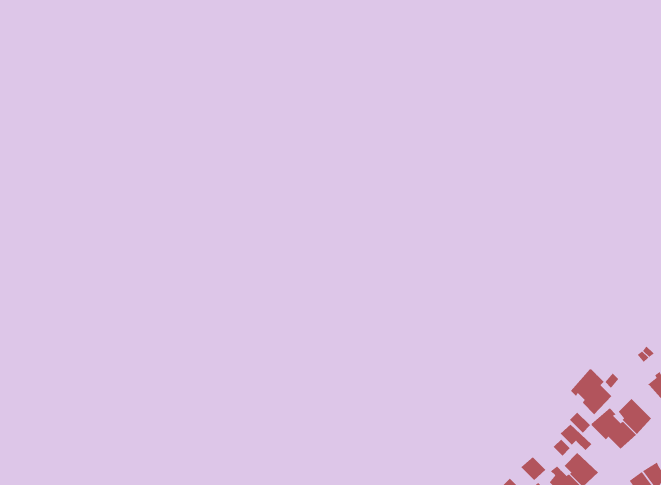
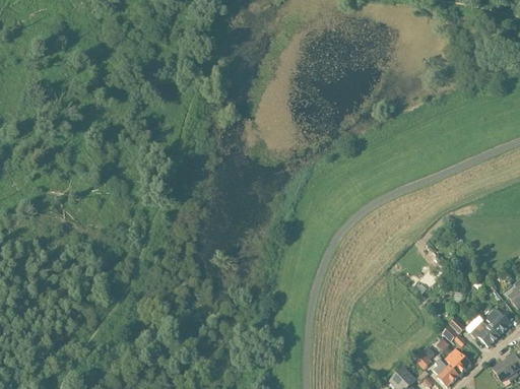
building: [570,369,612,415] -> none

